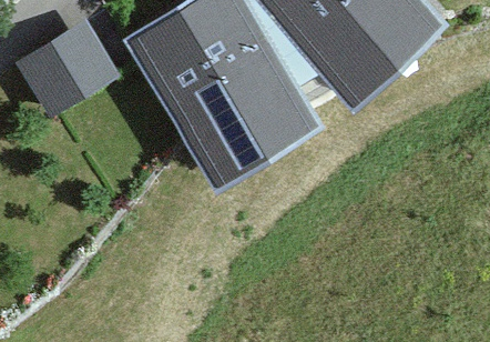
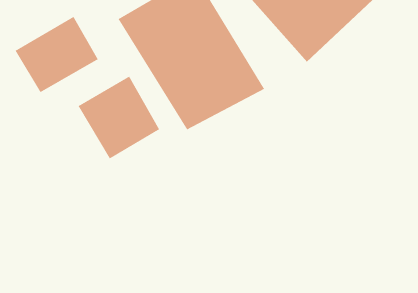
building: none -> [78,75,160,159]

